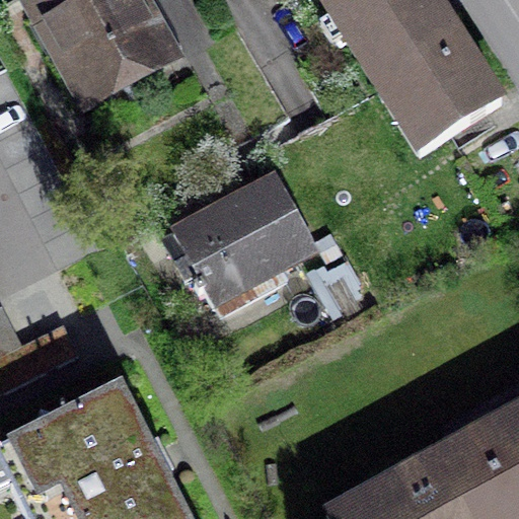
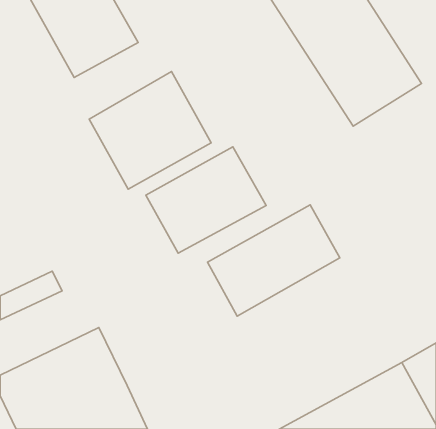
building: none -> [89,72,211,189]
building: none -> [208,205,340,316]

